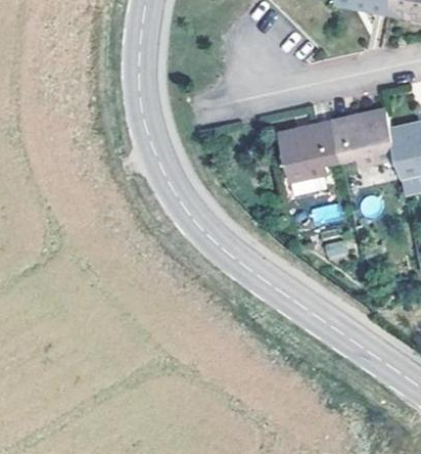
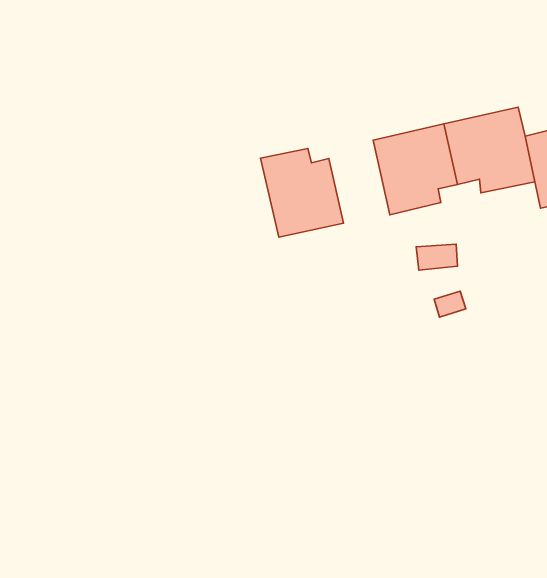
building: none -> [261,148,344,237]

